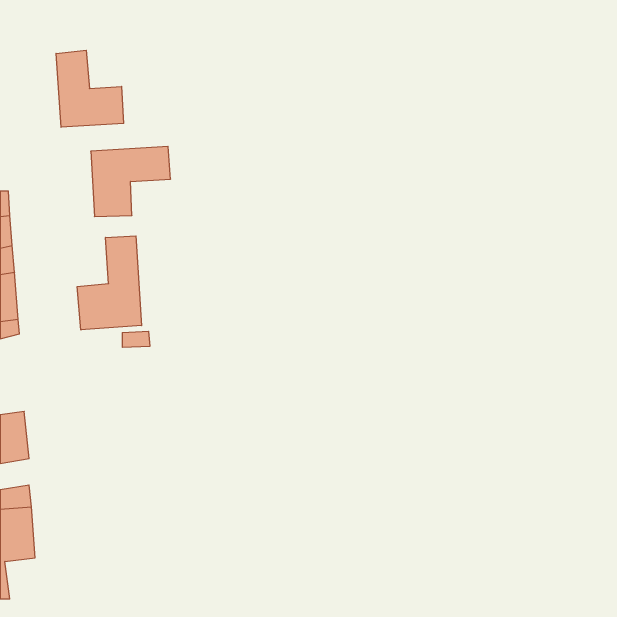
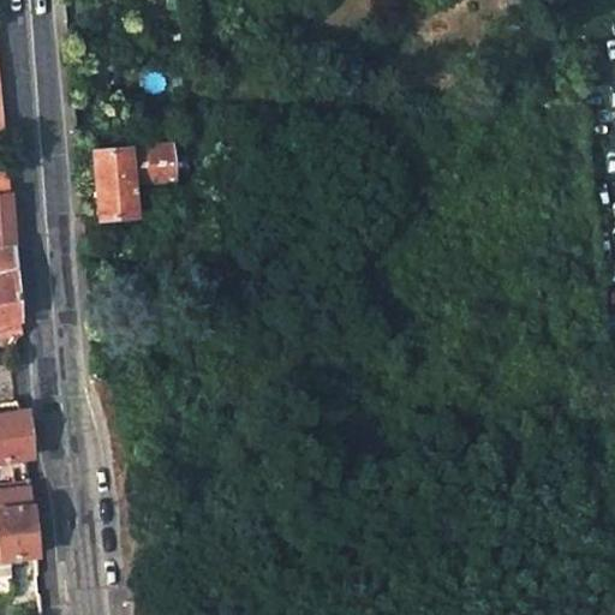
building: [56,50,124,127] -> none
building: [77,236,142,330] -> none

